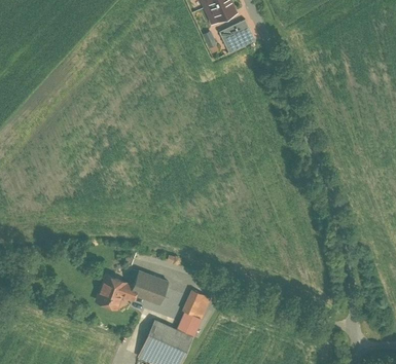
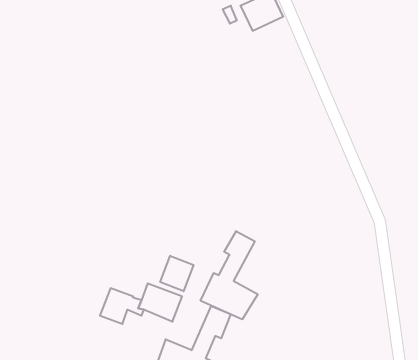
building: none -> [201,231,258,319]
building: none -> [160,256,194,291]

